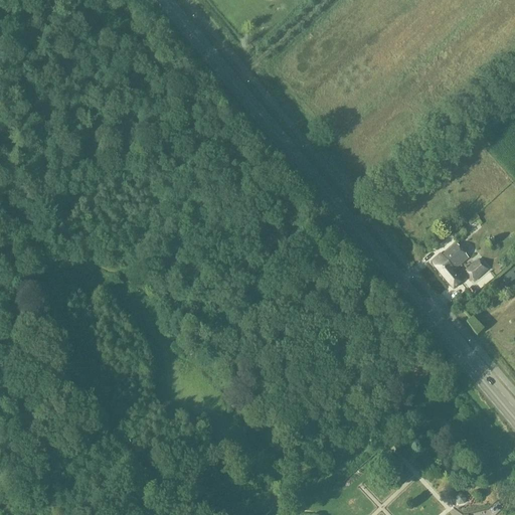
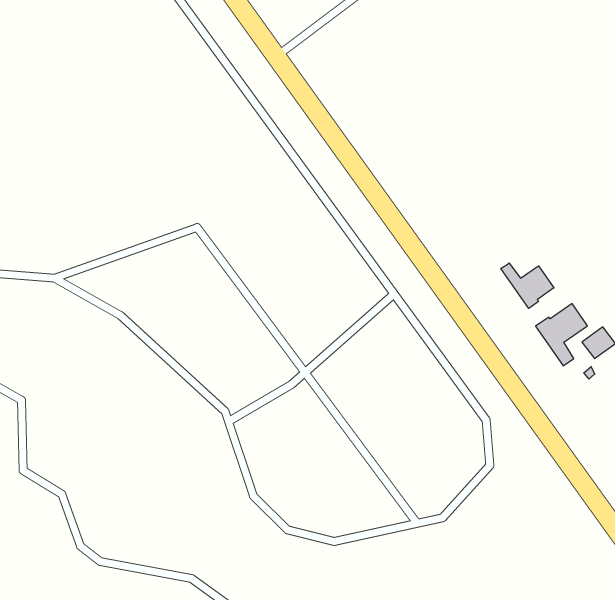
building: none -> [501,263,554,308]

